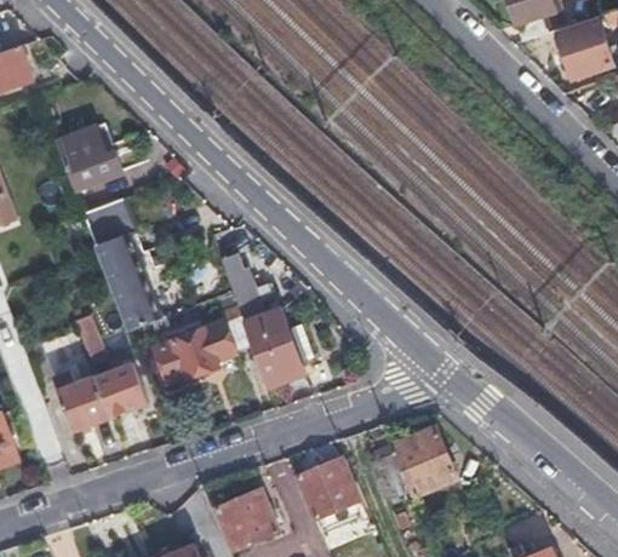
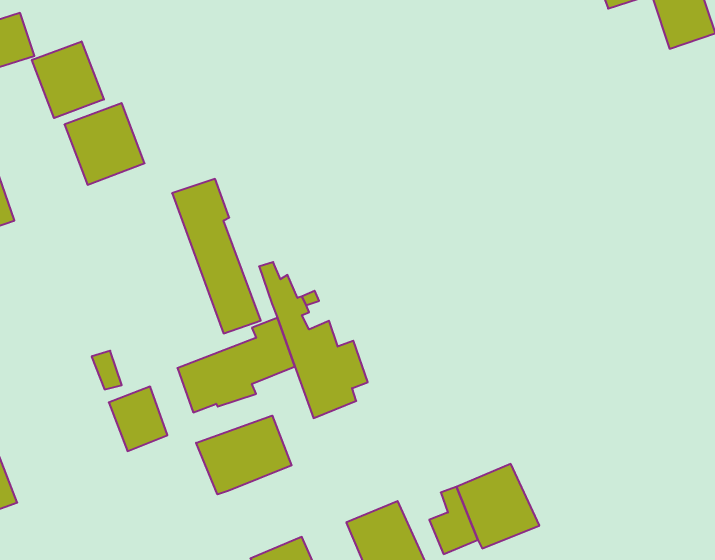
building: none -> [32,41,104,118]
building: [84,200,159,331] -> [172,179,261,333]
building: [56,374,110,430] -> none
building: none -> [196,416,292,494]

